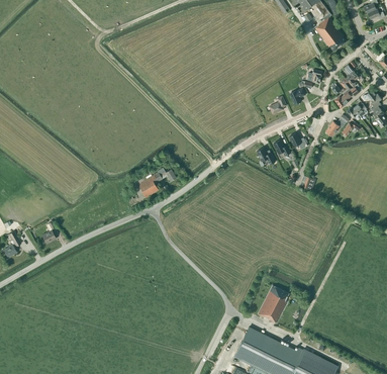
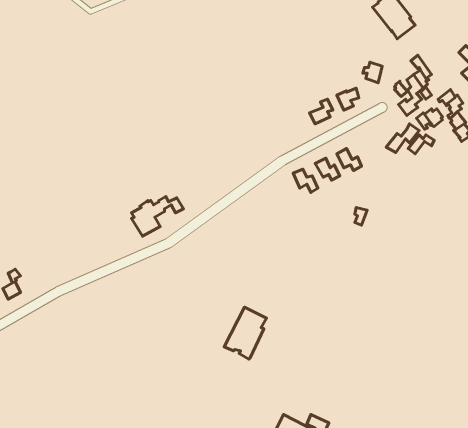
building: [256,286,287,324] -> [224,307,266,359]

